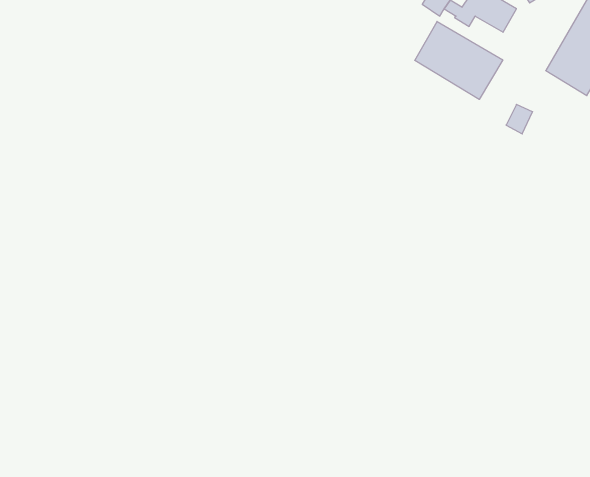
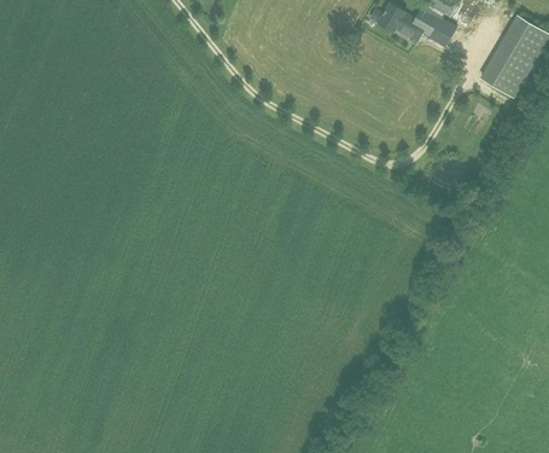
building: [415,21,503,99] -> none

